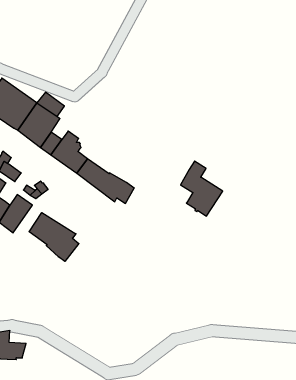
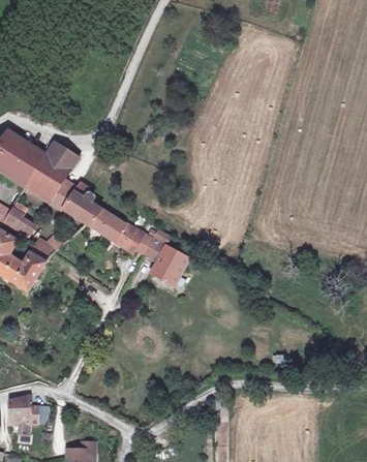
building: [181,161,223,216] -> [144,228,188,285]
building: [29,213,79,261] -> none

